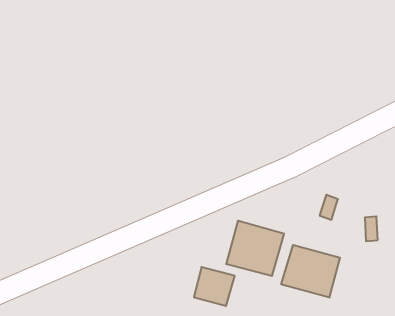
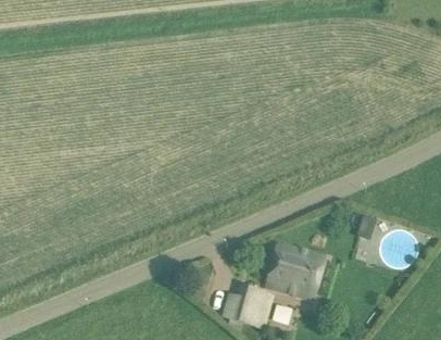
building: [281,245,340,298] -> none

